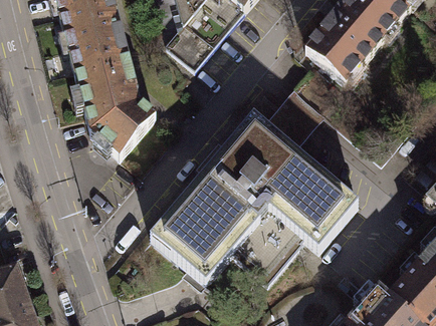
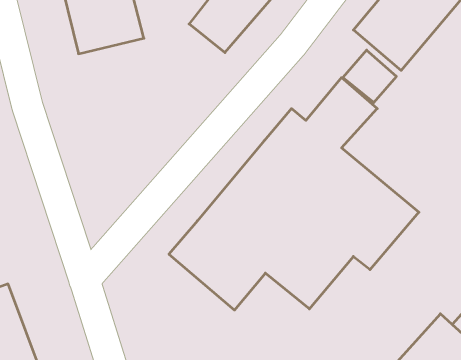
building: [73,52,158,155] -> none

